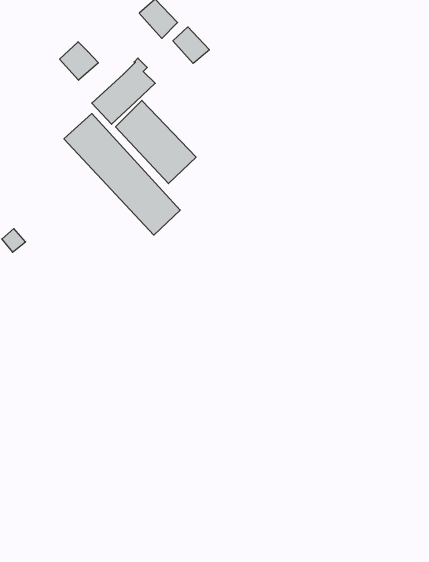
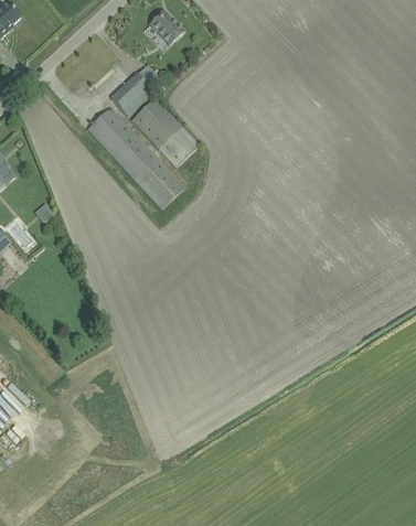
building: [173,27,209,63] -> none
building: [60,42,98,80] -> none

